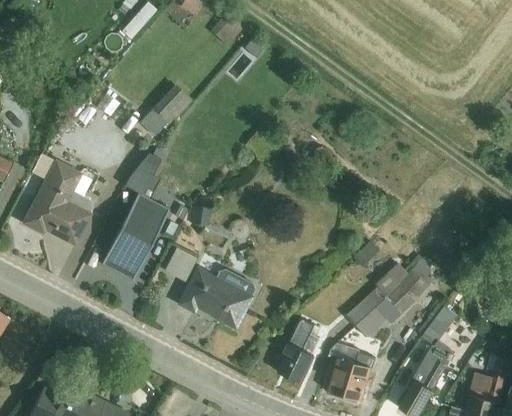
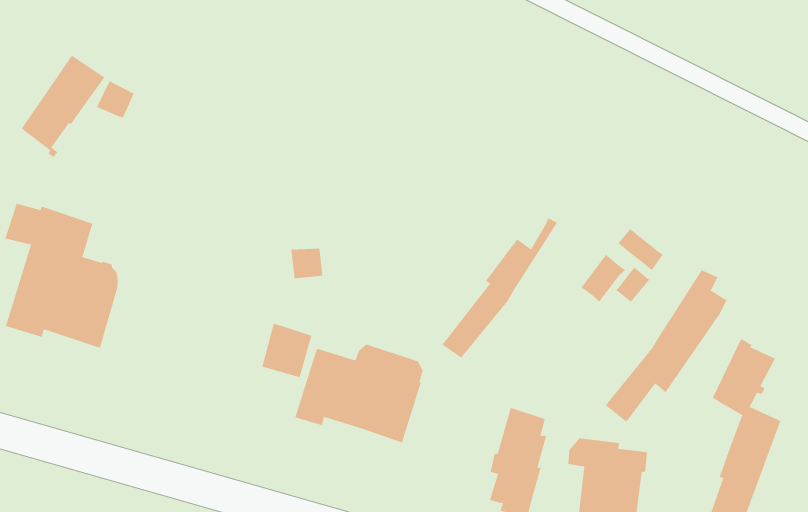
building: [138,85,191,142] -> [21,55,105,158]
building: [99,148,167,281] -> none
building: [345,255,423,327] -> [442,217,558,359]

